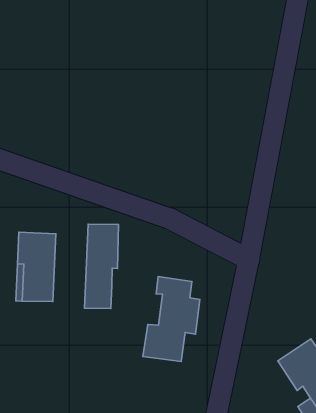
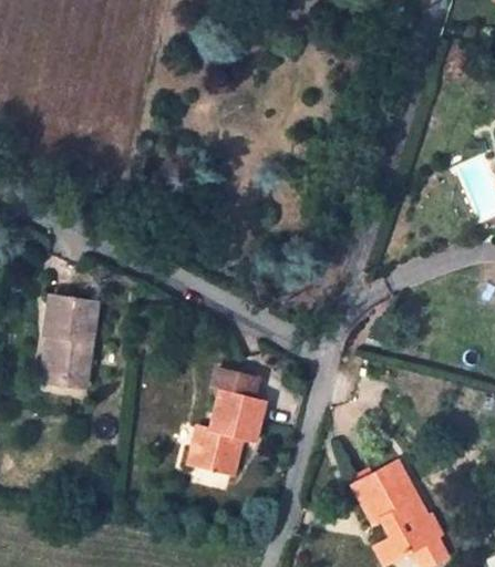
building: [84,224,119,308] -> none

